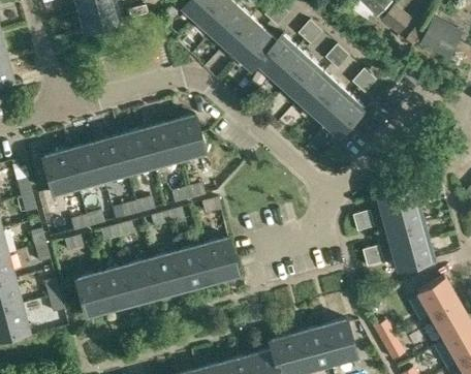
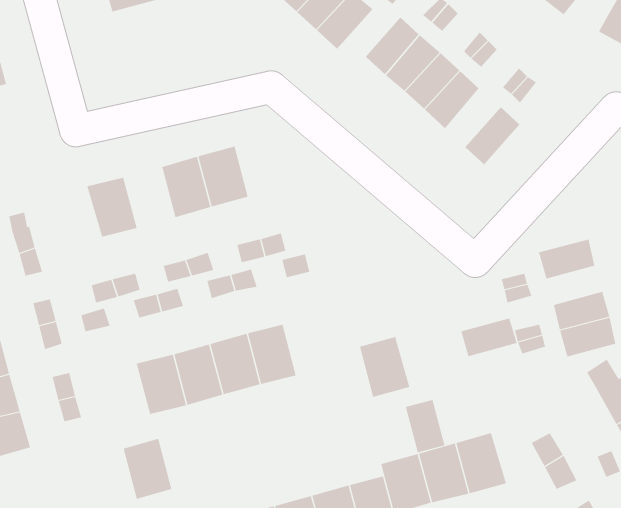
building: [240,29,283,68] -> none
building: [314,84,352,124] -> none
building: [169,117,203,158] -> none
building: [93,137,128,180] -> none
building: [42,151,77,193] -> none
building: [383,206,422,232] -> [460,318,517,357]
building: [202,239,238,281] -> [359,336,410,398]
building: [76,273,111,315] -> [123,438,172,500]
building: none -> [405,399,445,453]

